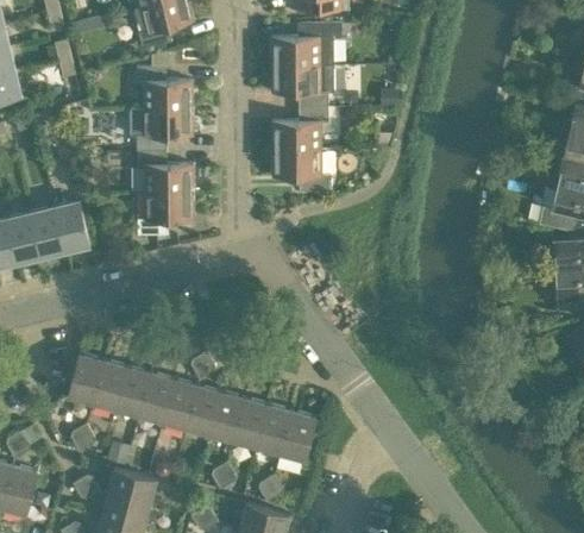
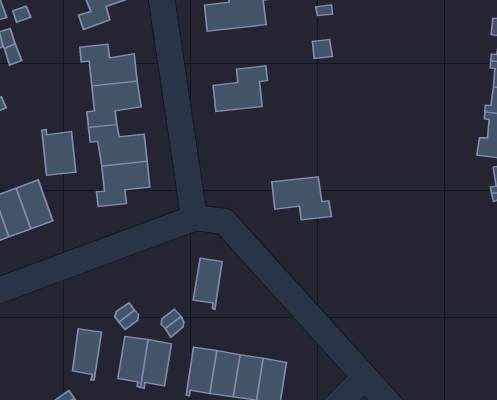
building: [271,65,333,108] -> none
building: none -> [42,129,76,175]
building: [271,150,329,193] -> [272,177,332,220]
building: [68,355,103,403] -> none
building: [114,366,151,416] -> none
building: [187,387,221,441] -> [193,258,222,309]

